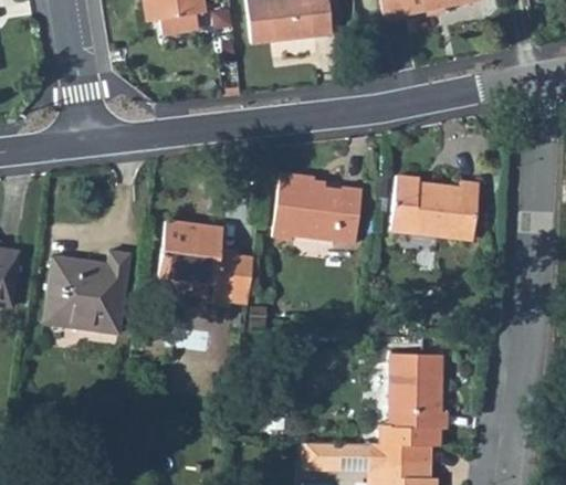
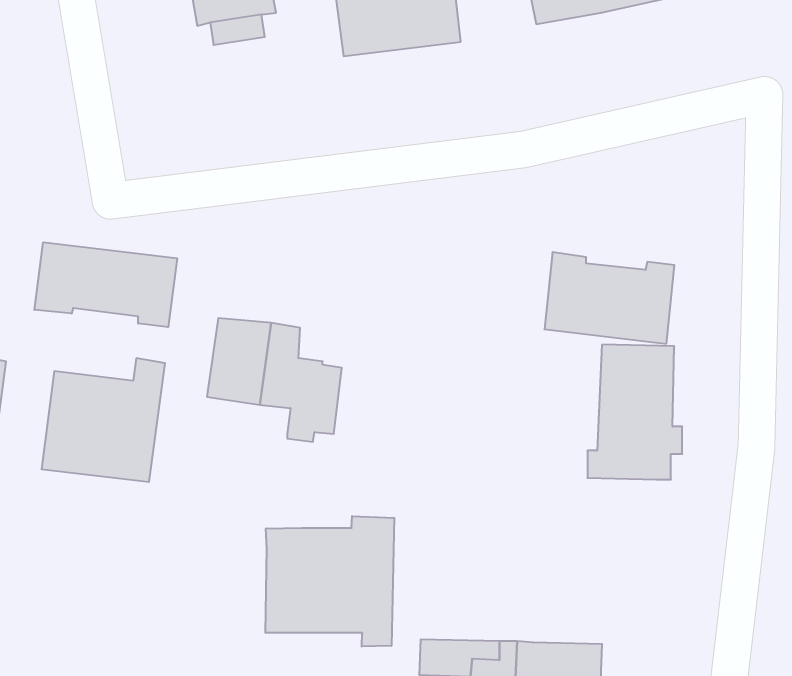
building: none -> [34,242,177,327]
building: [273,171,363,243] -> none
building: [382,352,448,445] -> [587,345,682,480]
building: none -> [266,516,394,647]

